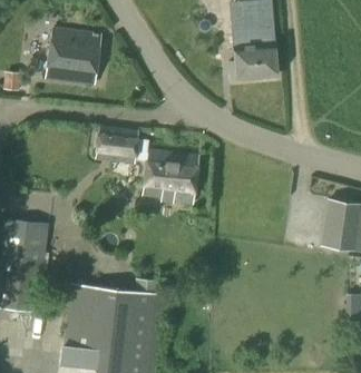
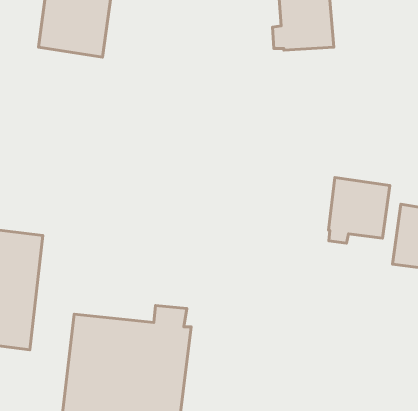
building: [97,126,197,202] -> none
building: none -> [329,178,390,243]

